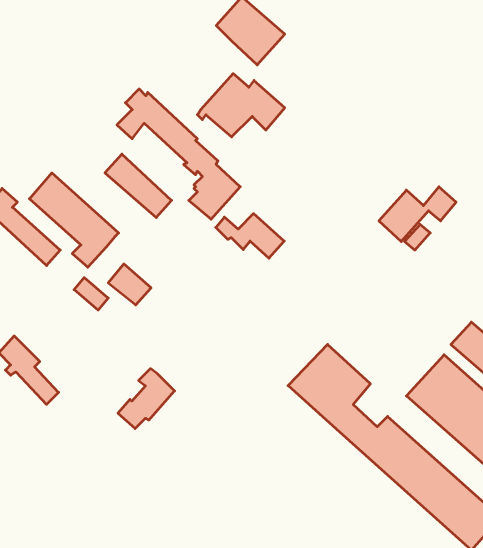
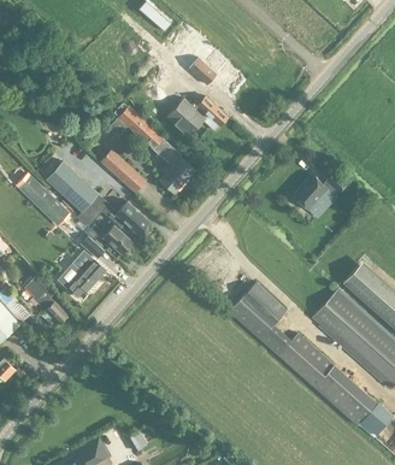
building: [216,214,284,258] -> [100,204,148,235]
building: [118,369,175,429] -> [64,255,104,298]

